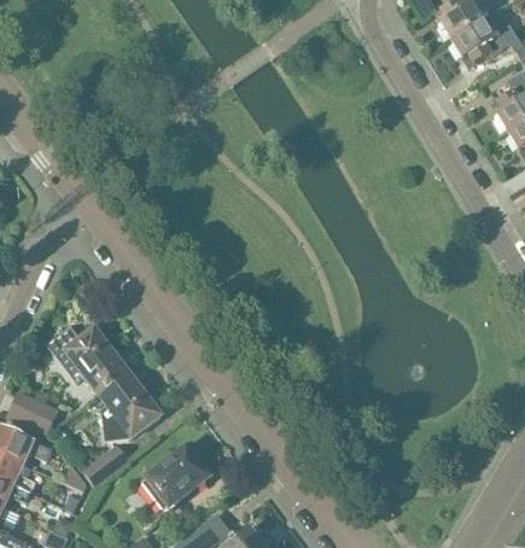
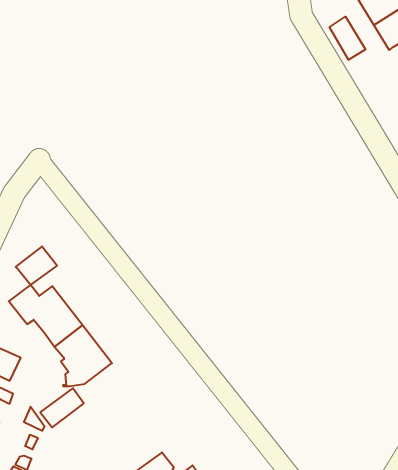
building: none -> [330,17,365,60]
building: none -> [16,246,57,285]
building: [144,447,209,508] -> none

